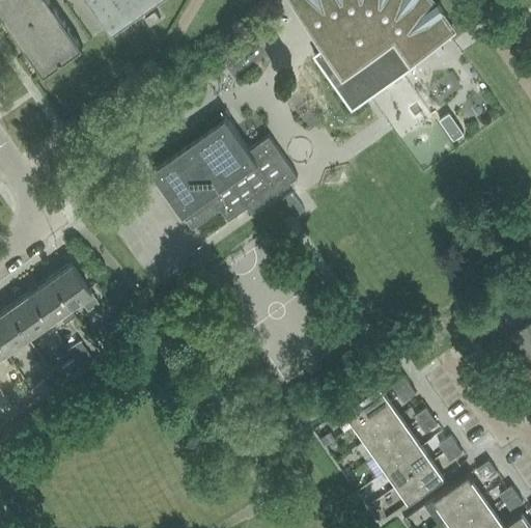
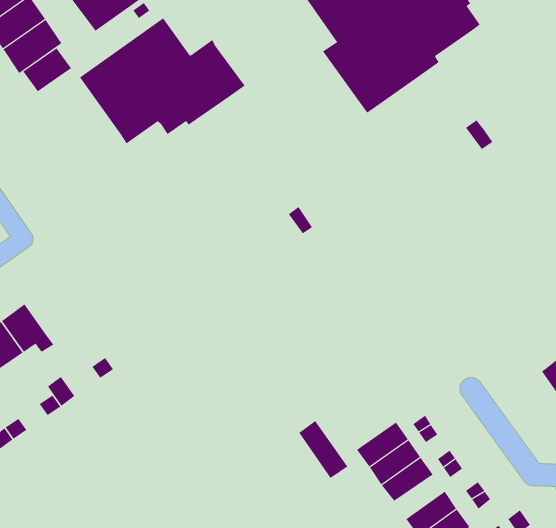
building: none -> [23,47,72,92]
building: [149,117,297,229] -> [79,18,246,144]
building: [48,266,97,312] -> none
building: none -> [299,420,348,479]
building: [374,432,420,471] -> none

